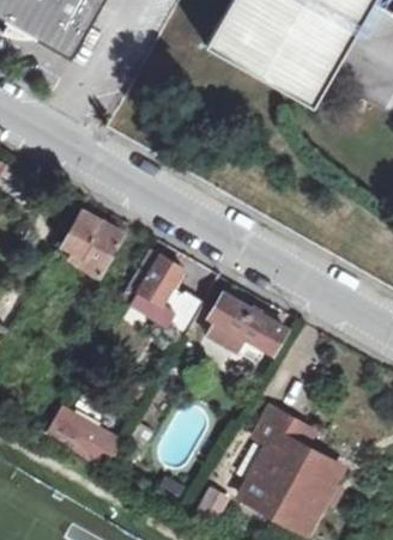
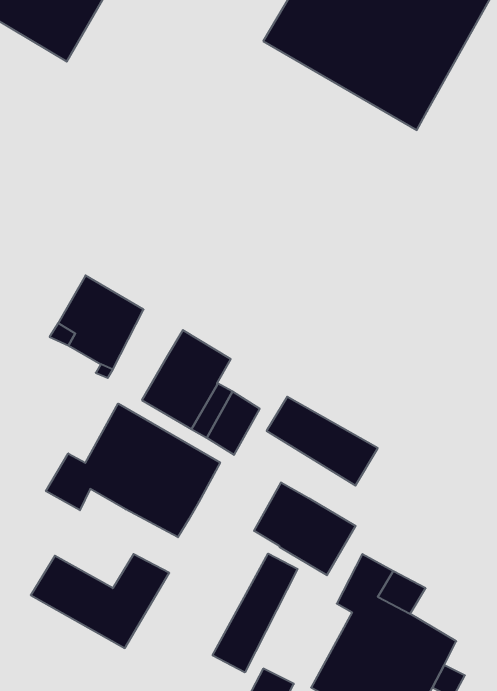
building: none -> [46,404,220,537]
building: none -> [254,482,356,575]
building: none -> [213,554,298,672]

